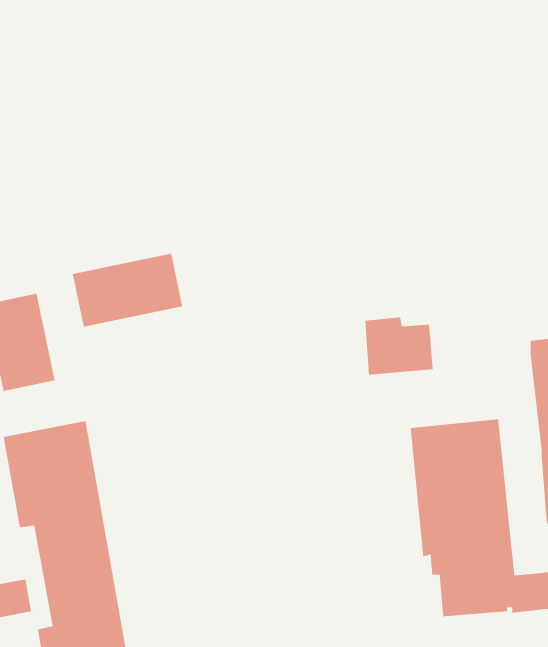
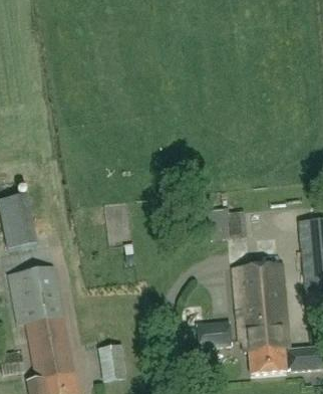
building: [72,253,183,327] -> none
building: none -> [198,319,233,347]
building: none -> [99,344,126,379]

